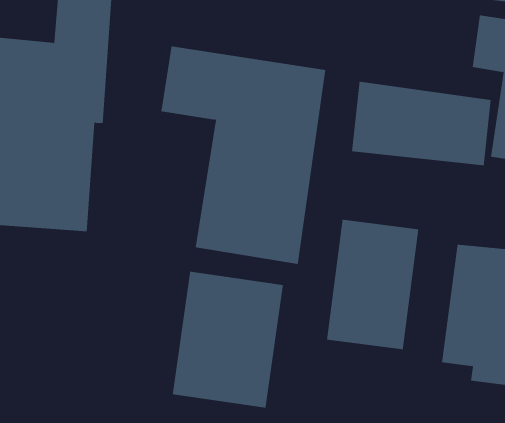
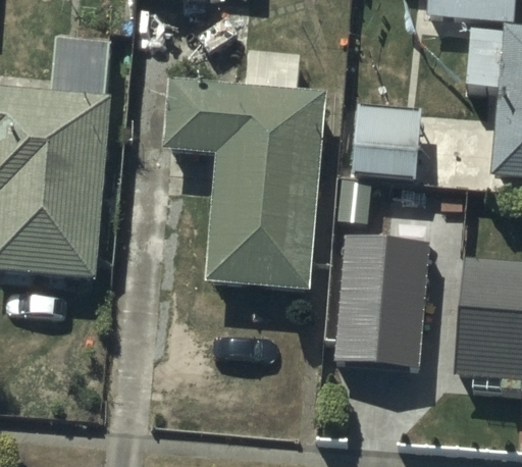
building: [172,271,284,408] -> none

